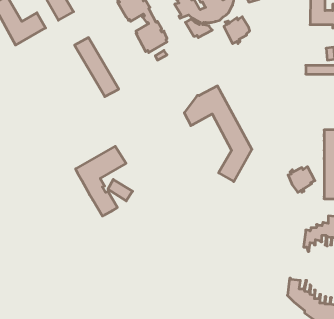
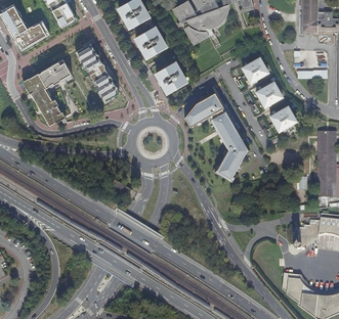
building: [224,17,250,44] -> [243,58,267,84]
building: none -> [157,62,186,93]
building: none -> [256,83,282,108]
building: [76,146,126,216] -> [25,59,73,126]
building: [288,167,315,192] -> [270,107,296,132]

